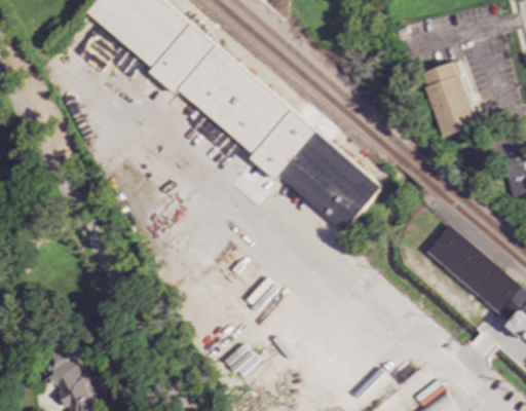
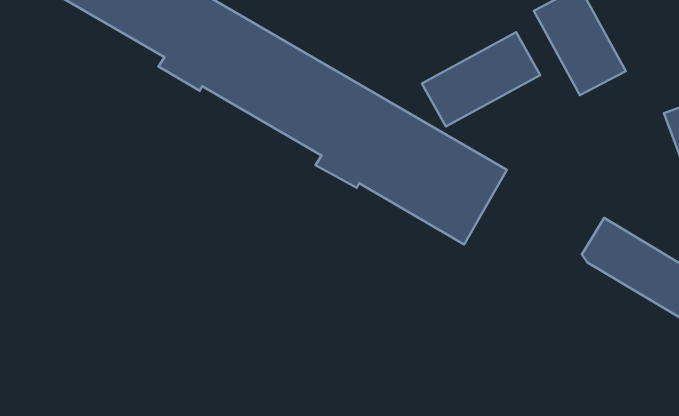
building: none -> [422,32,540,126]

